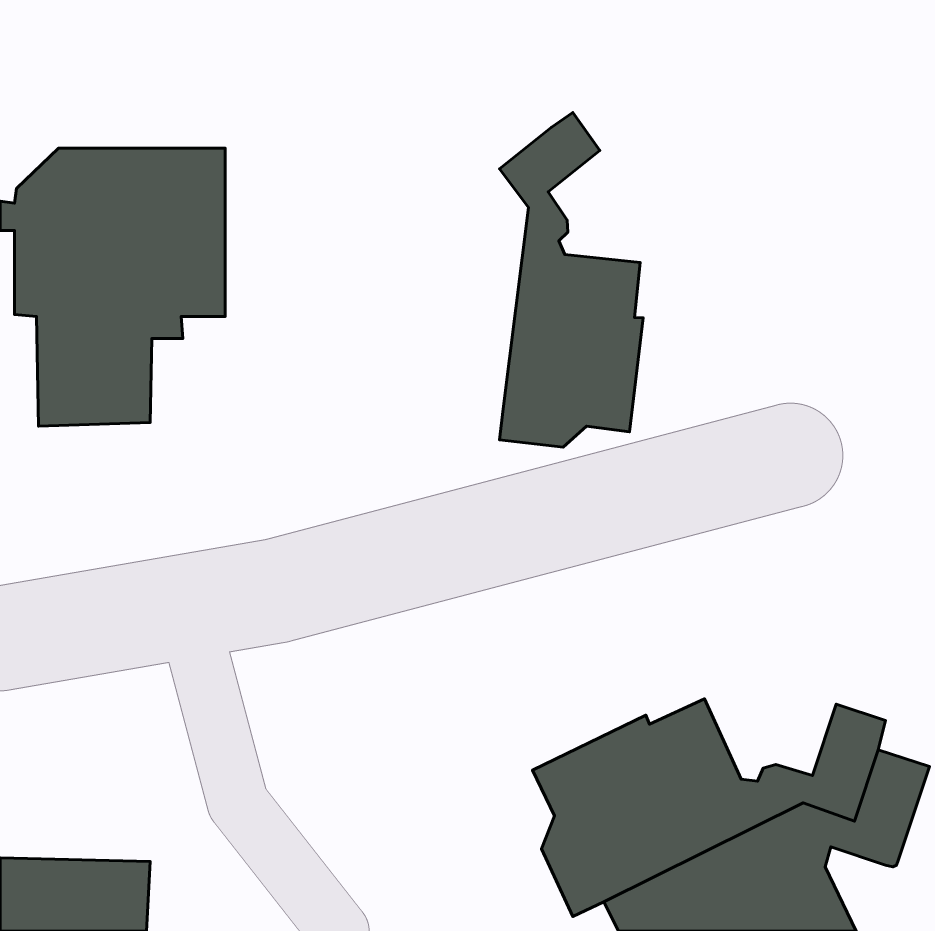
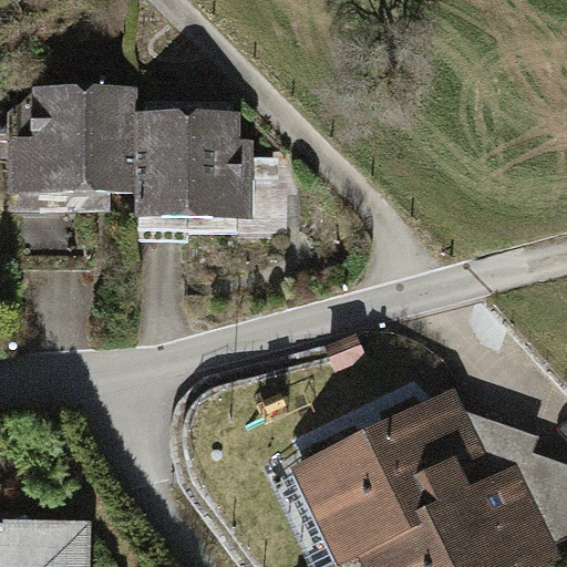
building: [500,112,643,447] -> none
building: none -> [136,115,271,216]

